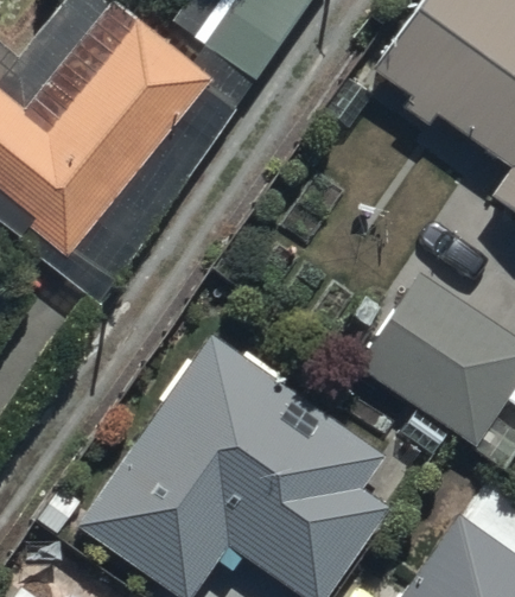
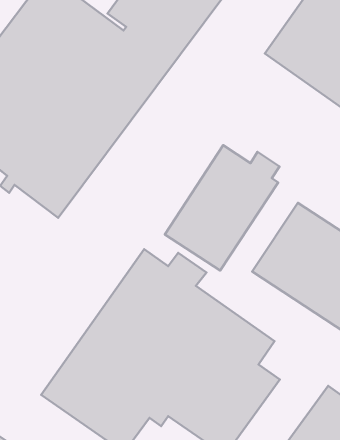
building: none -> [165,145,280,270]

